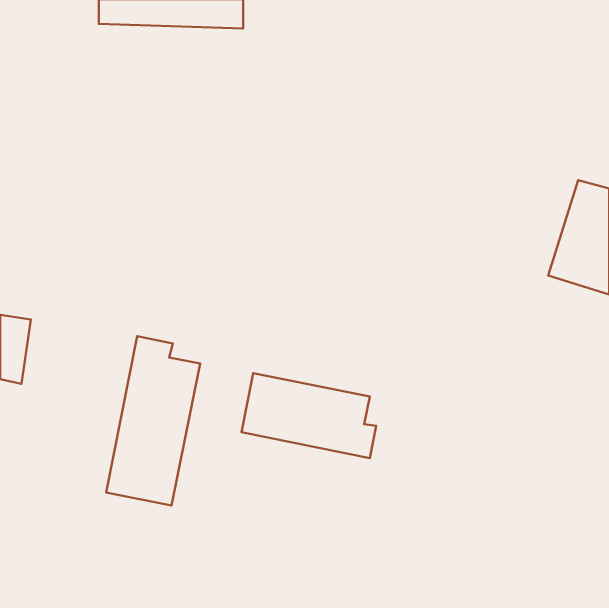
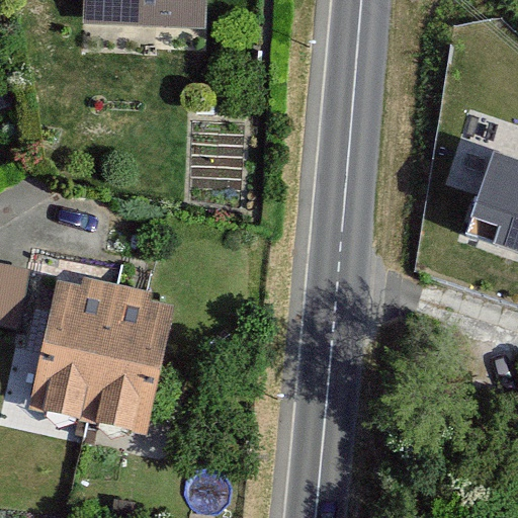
building: none -> [33,279,116,418]
building: [242,373,376,458] -> none

